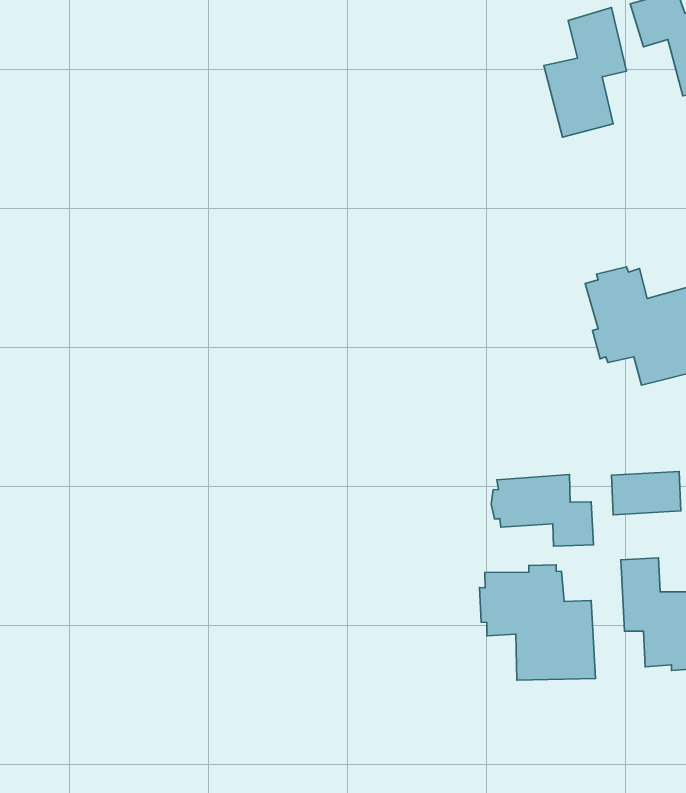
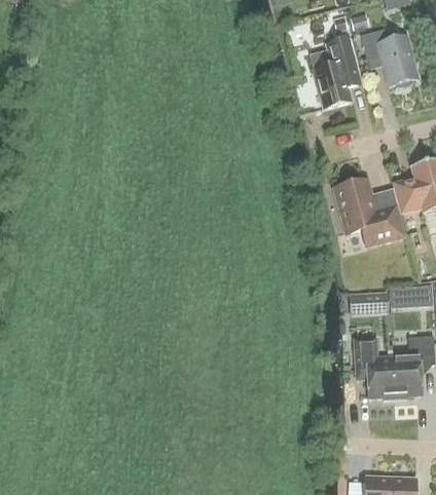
building: [491,475,594,546] -> none
building: [480,565,595,680] -> none

